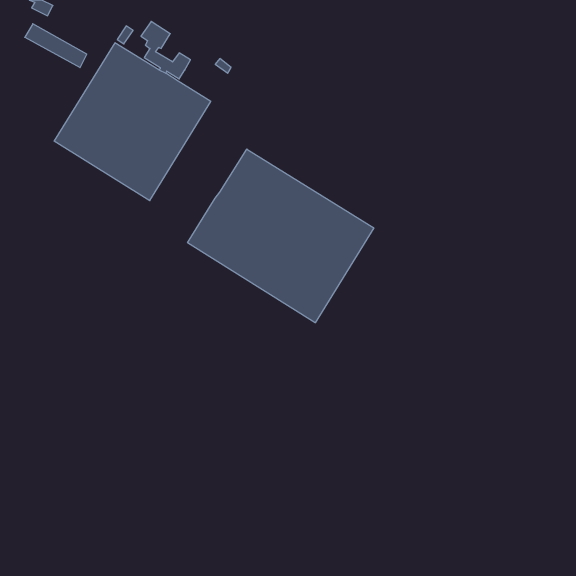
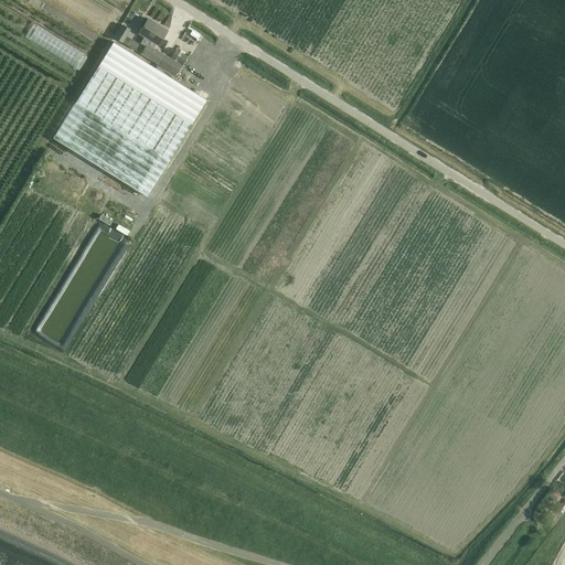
building: [188,149,374,323] -> none

